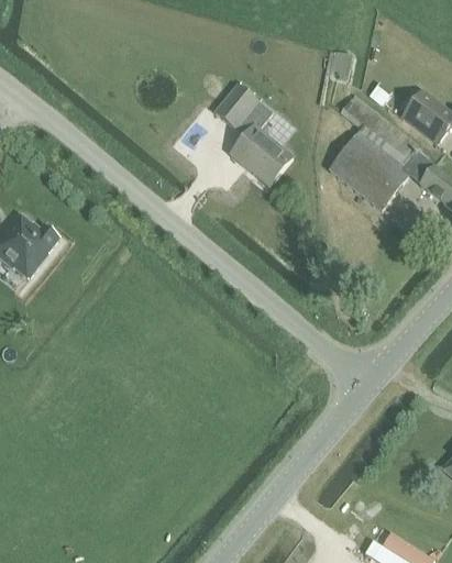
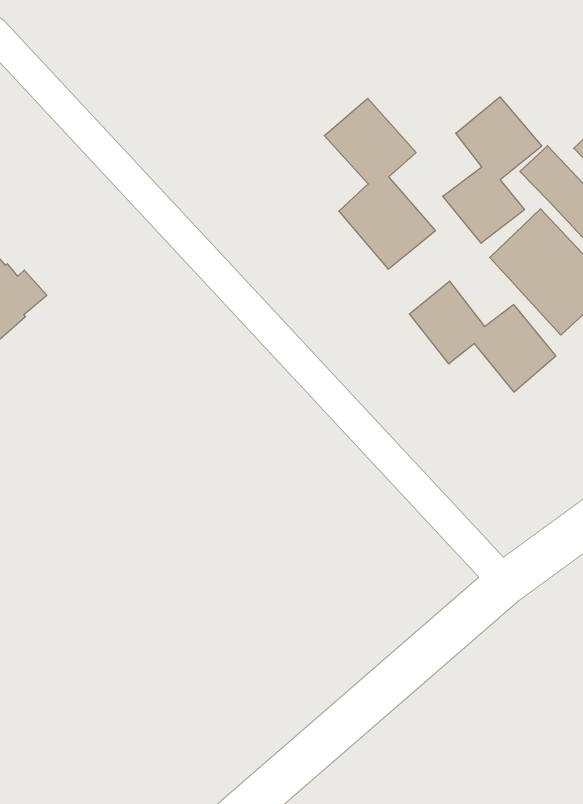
building: none -> [443,97,542,243]
building: none -> [409,281,556,392]

